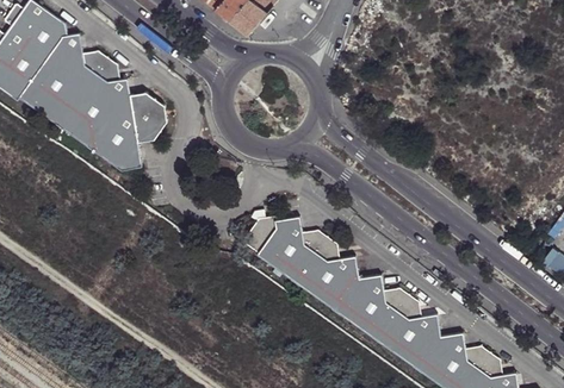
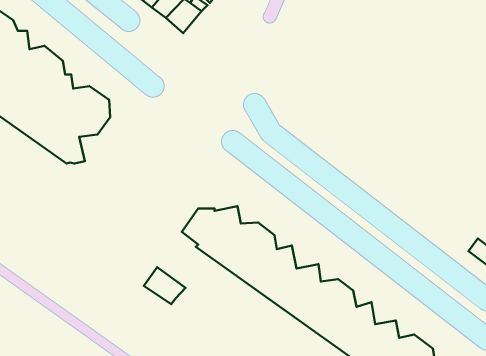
building: none -> [144,267,185,304]

